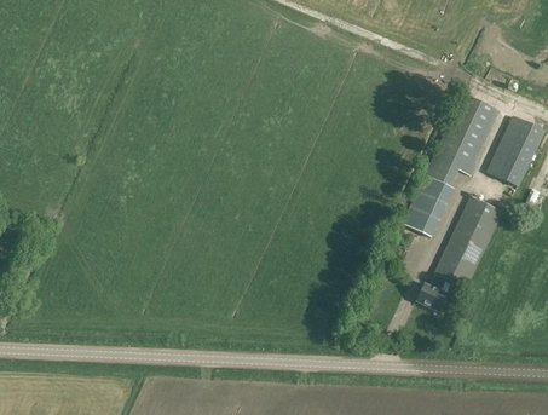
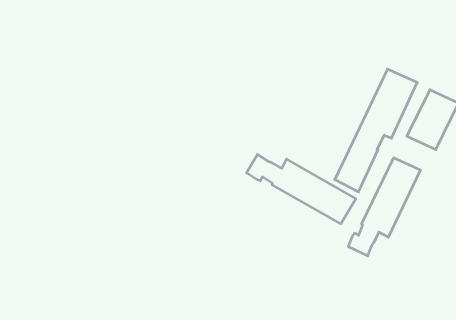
building: none -> [247,154,356,224]

